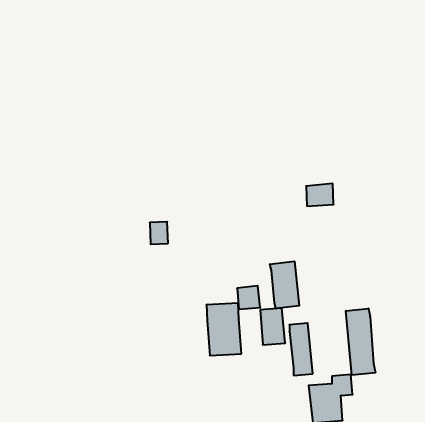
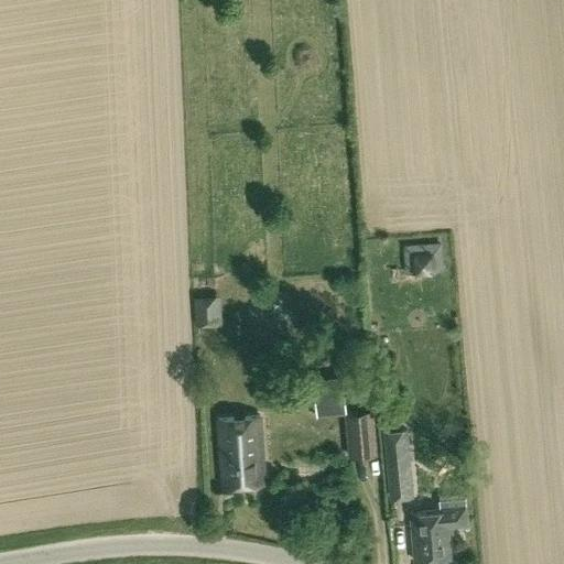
building: [270,261,299,309] -> none
building: [206,303,241,355] -> [218,419,264,488]
building: [346,308,375,375] -> none

